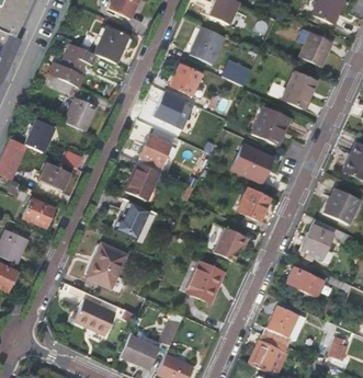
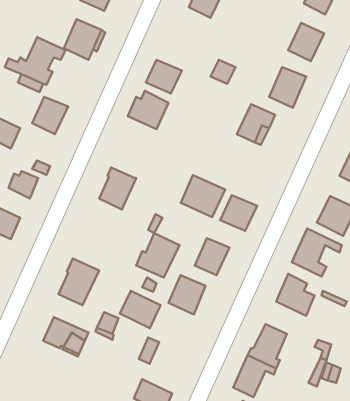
building: [190,26,224,64] -> none
building: [132,135,168,171] -> none
building: [231,142,272,181] -> [181,175,225,217]
building: [112,201,151,241] -> [136,233,179,278]
building: [121,335,158,369] -> [120,291,161,328]

